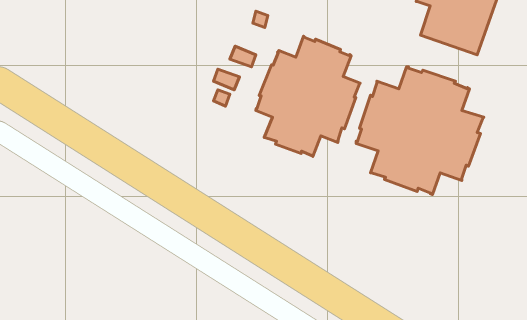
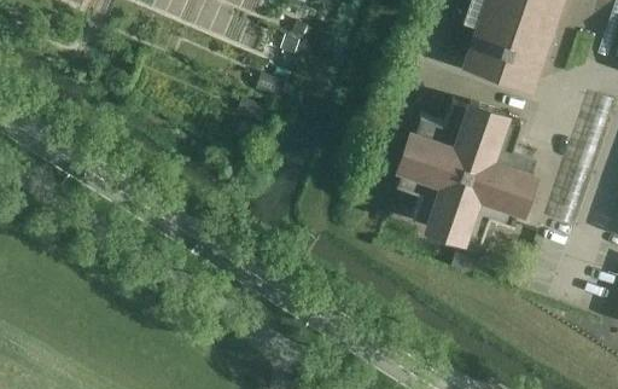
building: [256,36,360,157] -> none

